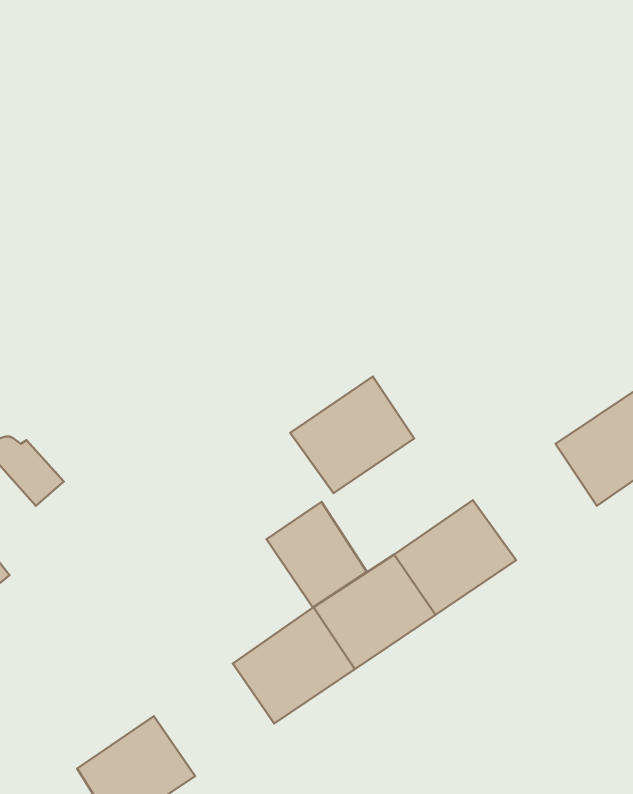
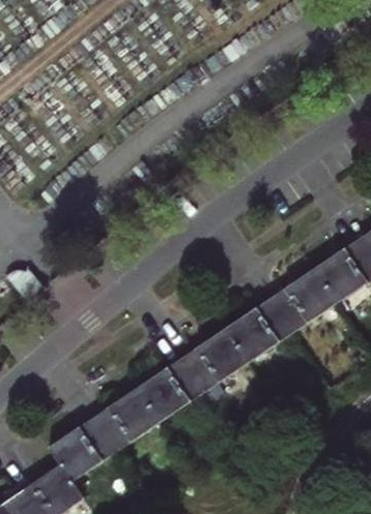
building: [290,377,414,493] -> [267,269,336,333]
building: [267,502,367,608] -> none
building: none -> [91,390,158,452]

